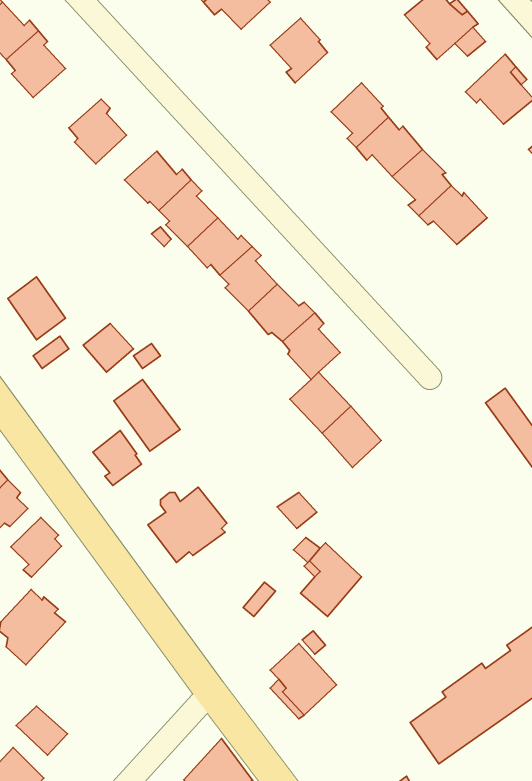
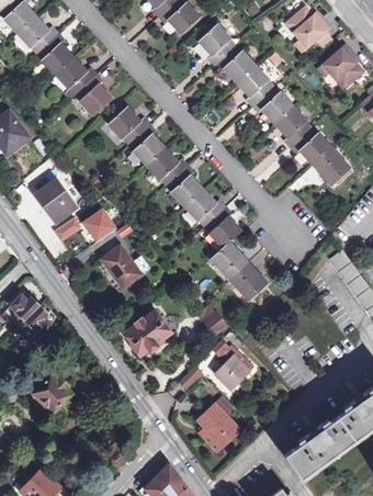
building: none -> [214,45,255,81]
building: none -> [54,55,95,91]
building: none -> [313,146,349,182]
building: [93,430,141,486] -> none
building: [11,518,61,577] -> none
building: [16,706,68,755] -> none

